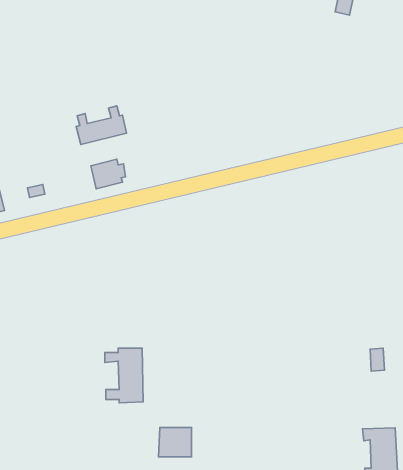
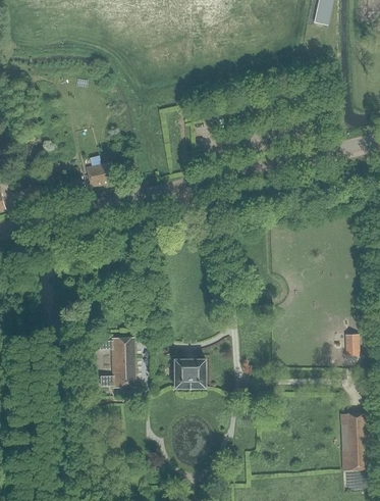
building: [76,106,126,145] -> none
building: [159,427,191,457] -> [174,359,205,387]

